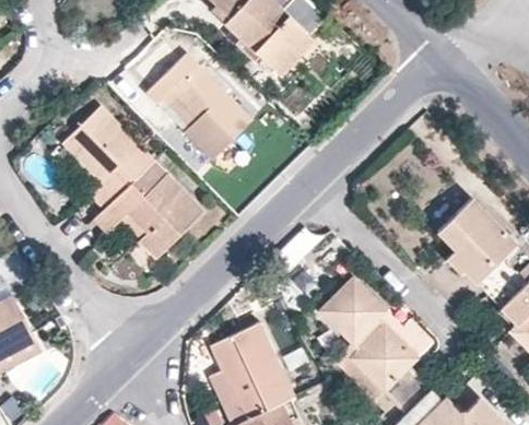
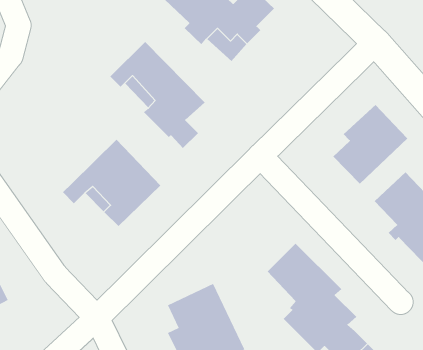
building: [61,107,154,211] -> none
building: none -> [333,104,408,185]

